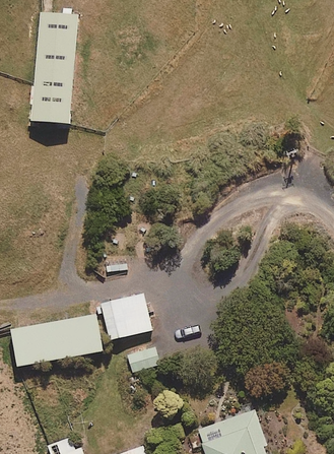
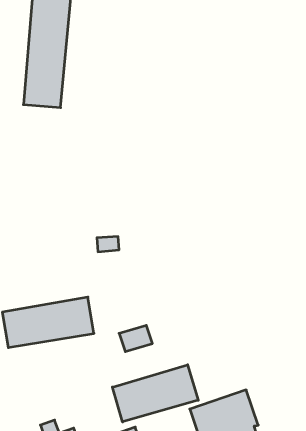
building: [101,293,152,340] -> none
building: none -> [112,365,198,422]

